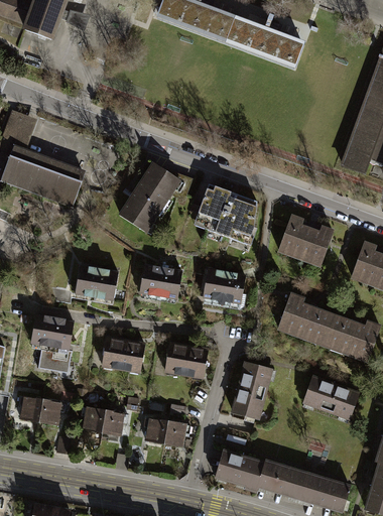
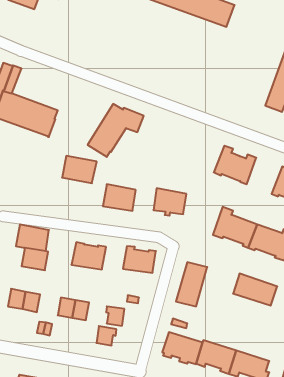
building: [197,184,257,245] -> none
building: [75,266,118,300] -> [62,156,97,183]
building: [164,421,189,445] -> [96,326,116,345]

